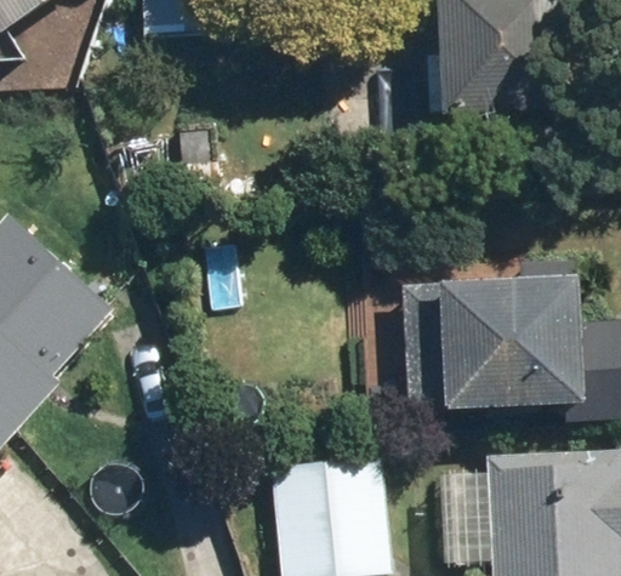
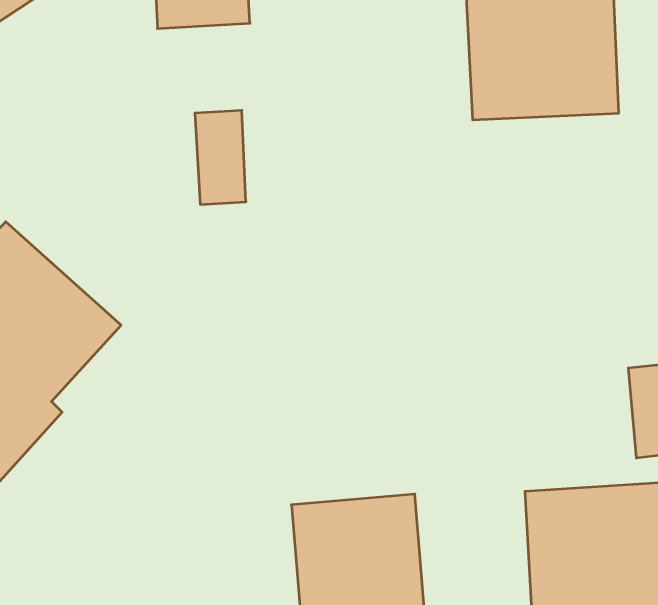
building: [399,278,575,410] -> none

